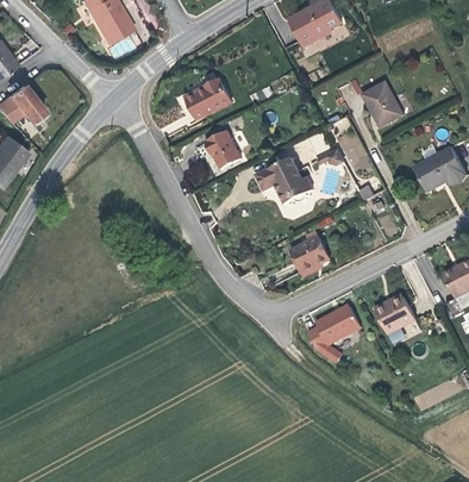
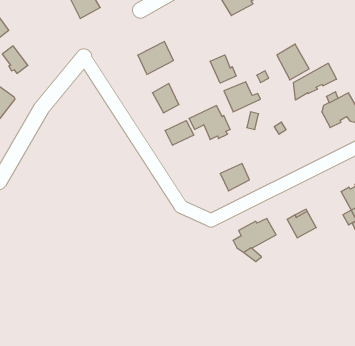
building: none -> [210,55,236,83]
building: none -> [294,63,337,100]
building: none -> [165,121,194,145]

